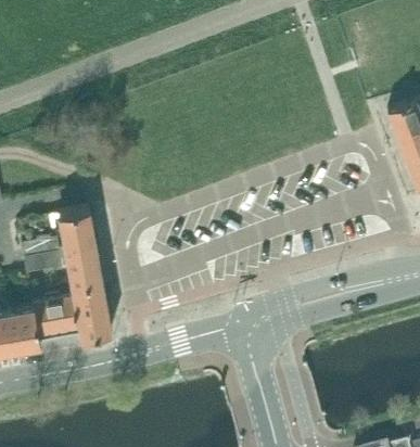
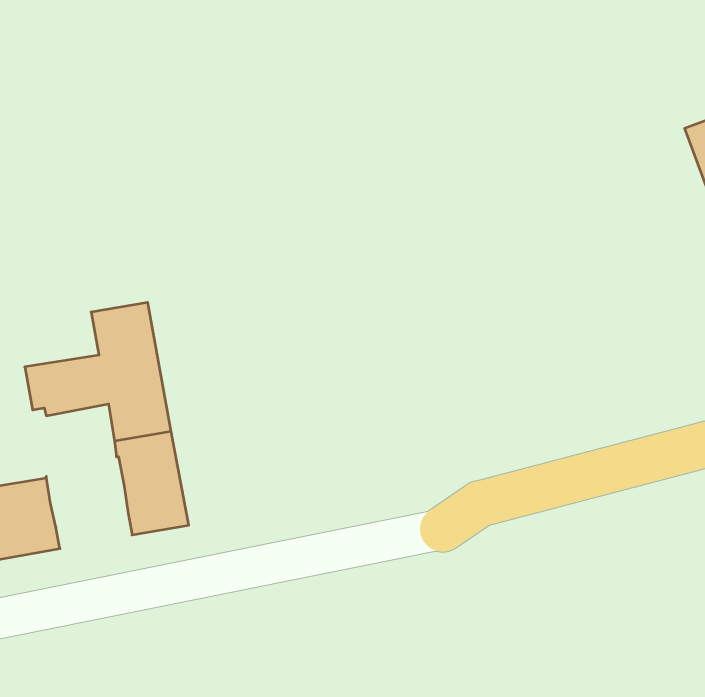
building: [31,299,78,339] -> none

